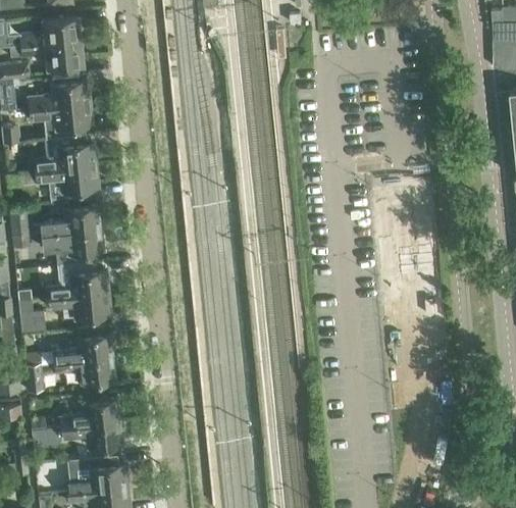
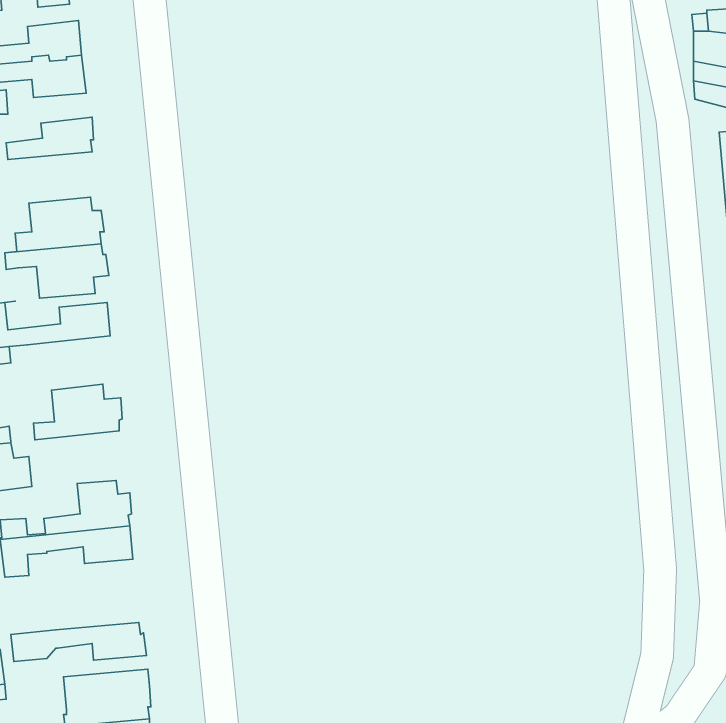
building: [30,104,91,138] -> none
building: [43,228,104,265] -> none
building: [48,293,110,318] -> none
building: [60,400,118,427] -> none

